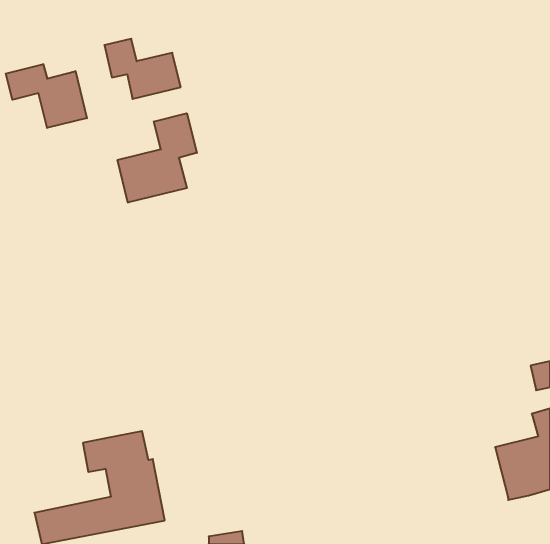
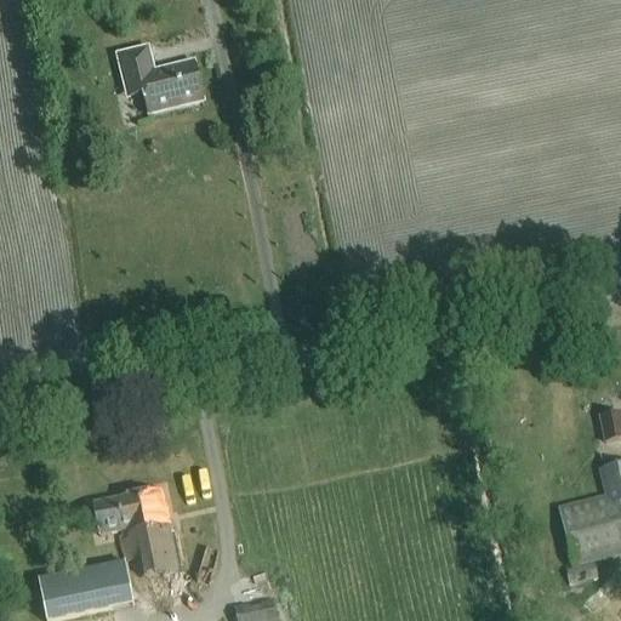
building: [6,64,87,128] -> none
building: [118,113,197,203] -> none

